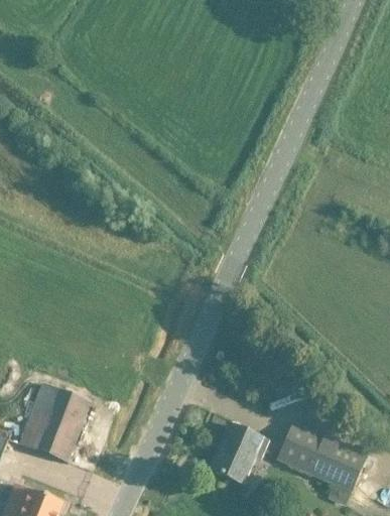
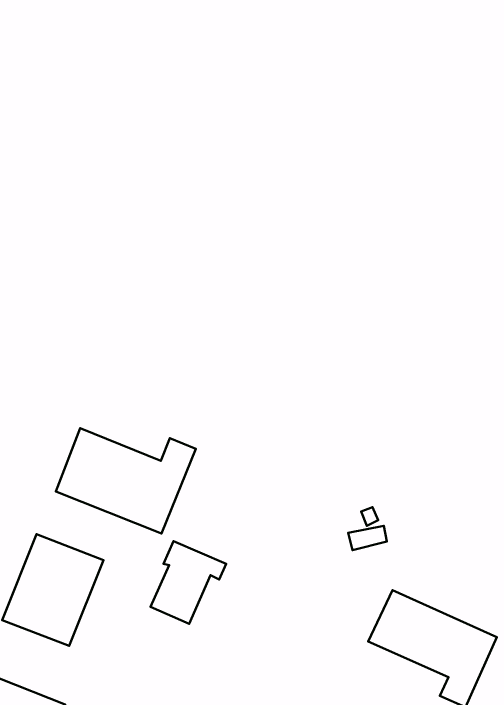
building: none -> [56,428,196,534]
building: [213,424,266,483] -> [150,541,226,624]

